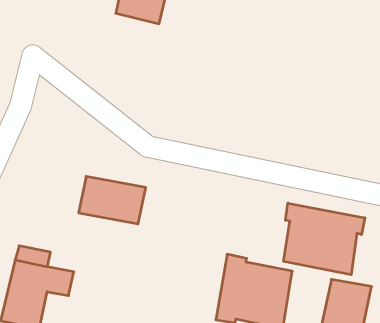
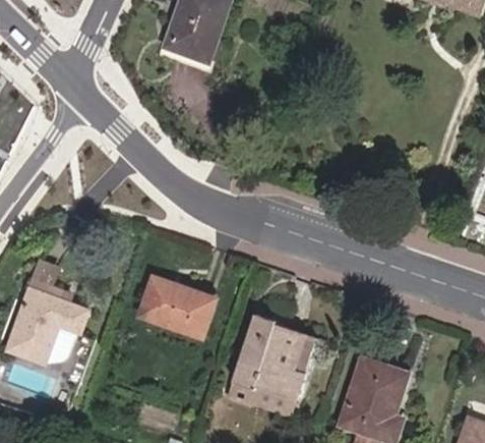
building: [79,176,146,224] -> [139,278,215,336]
building: [284,203,365,275] -> none

